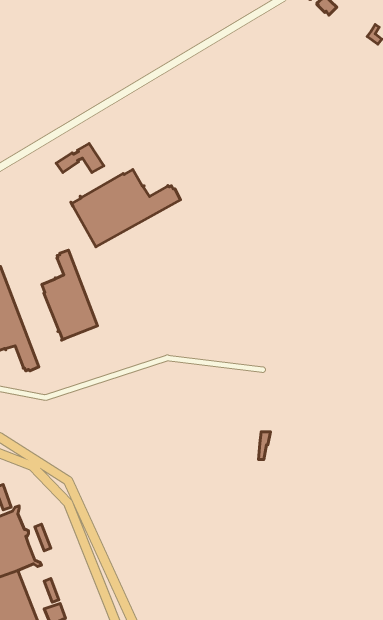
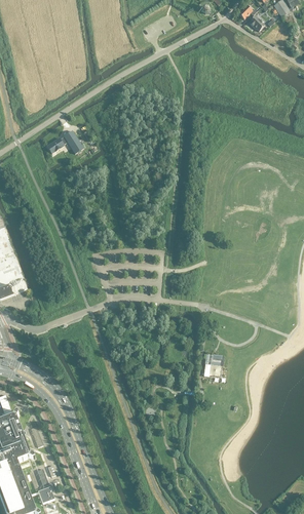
building: [71,169,180,247] -> none
building: [42,250,98,340] -> none

